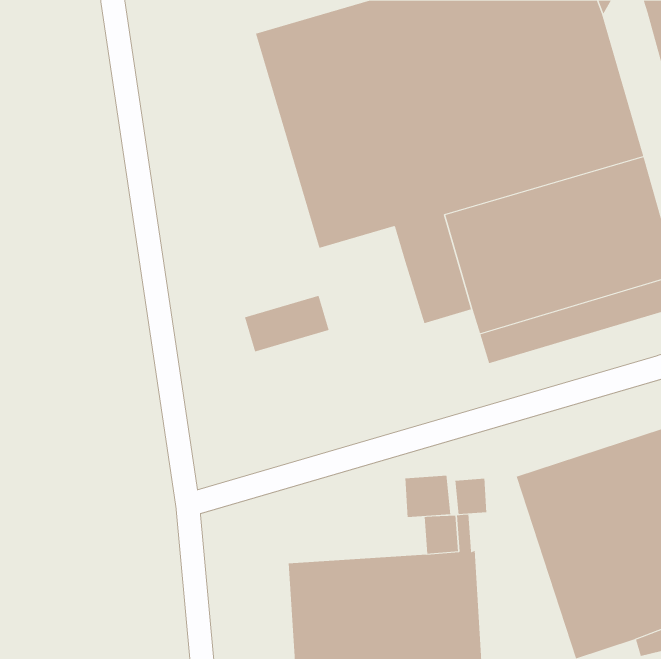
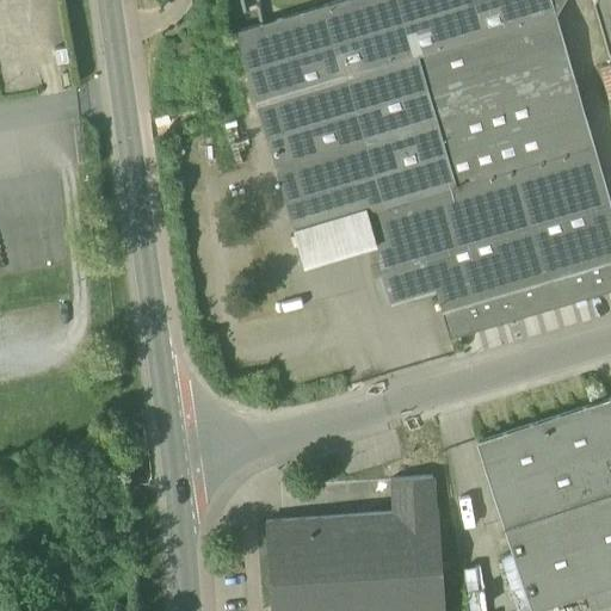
building: [244,295,330,352] -> [295,211,374,264]
building: [405,475,451,518] -> none
building: [455,478,487,515] -> none

